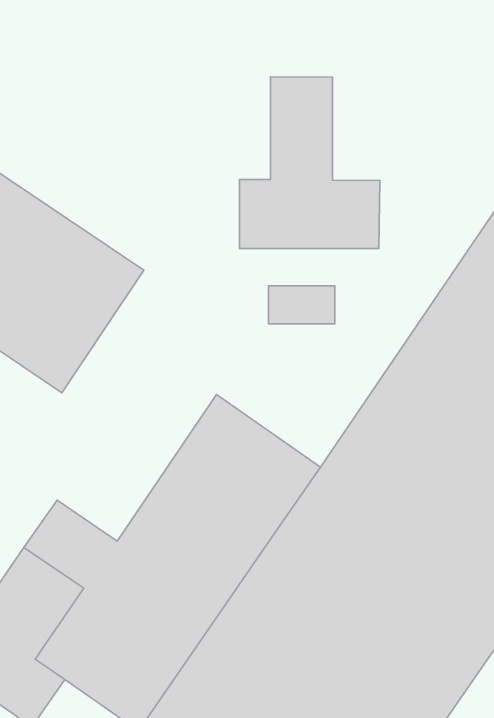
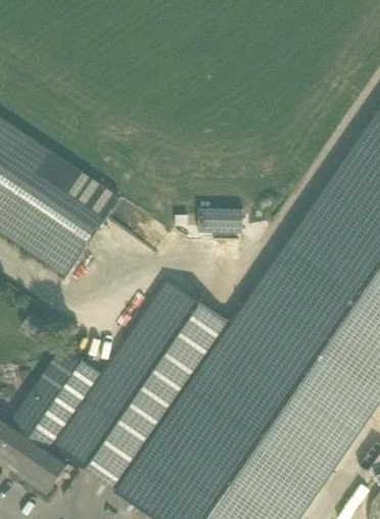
building: [239,77,380,248] -> none

